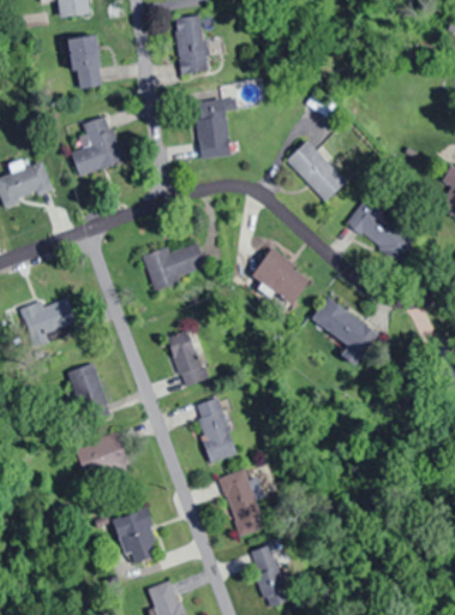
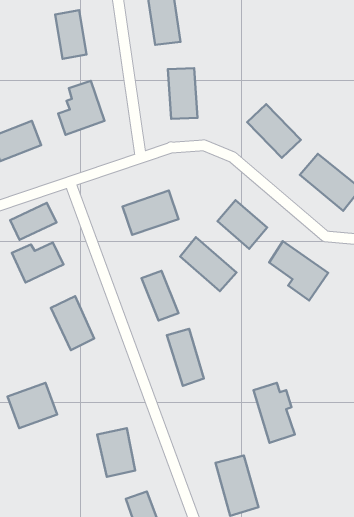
building: none -> [10,203,56,240]
building: none -> [180,237,237,291]
building: [73,429,130,480] -> [8,383,57,428]
building: [220,468,267,537] -> [254,383,295,443]

